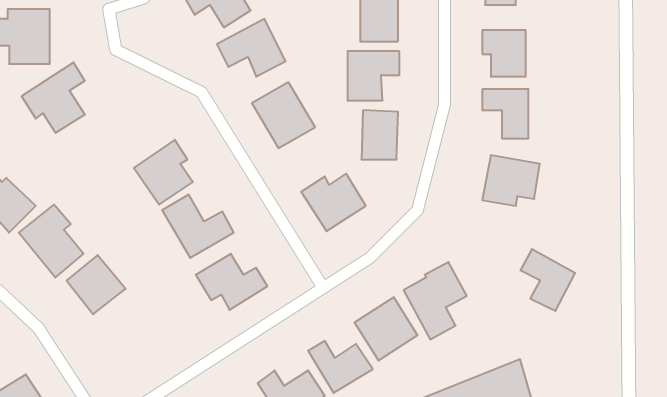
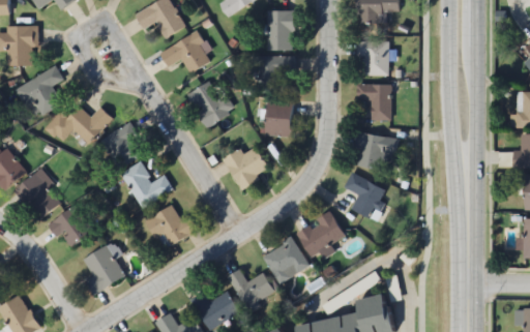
building: none -> [46,107,113,146]
building: [520,249,575,311] -> [344,173,384,218]
building: none -> [84,246,124,295]

